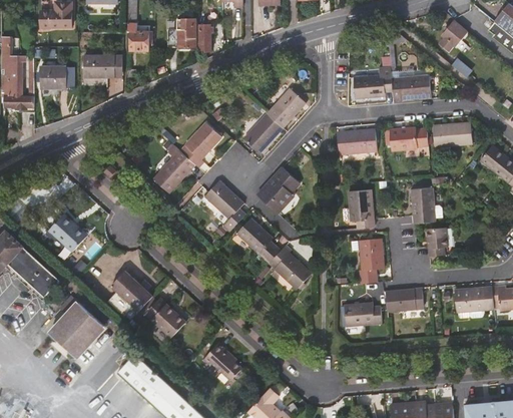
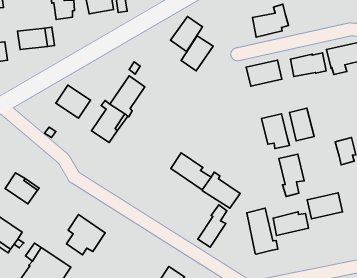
building: [389,74,429,101] -> none
building: [241,113,280,152] -> [171,16,202,51]
building: none -> [56,85,91,118]
building: [255,166,298,214] -> none
building: [203,180,245,229] -> none
building: [412,187,436,223] -> [290,108,314,141]
building: none -> [198,205,227,247]
building: none -> [247,208,278,254]
building: [143,298,185,339] -> none

